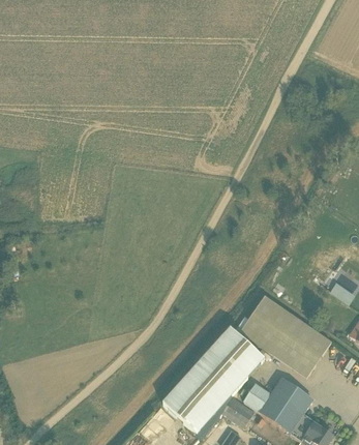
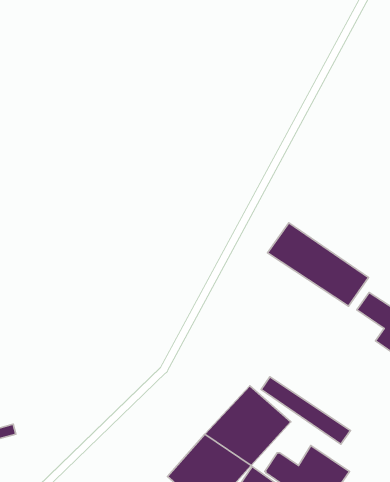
building: [246,296,330,365] -> [268,223,368,306]

